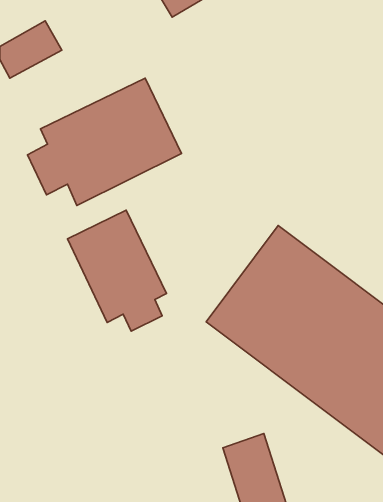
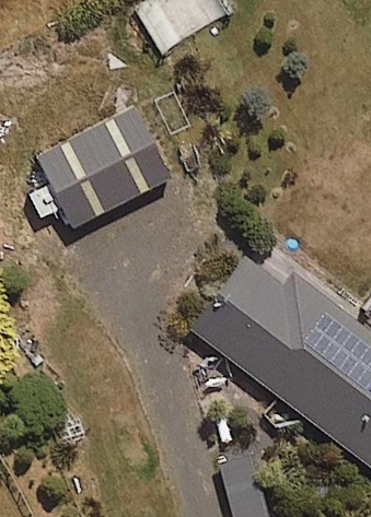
building: [68,210,167,331] -> none

